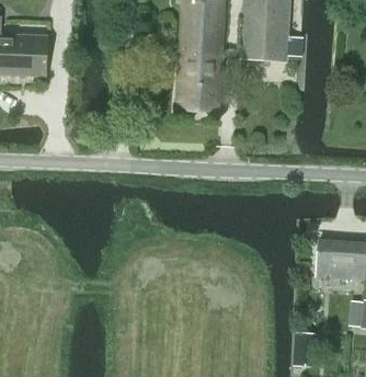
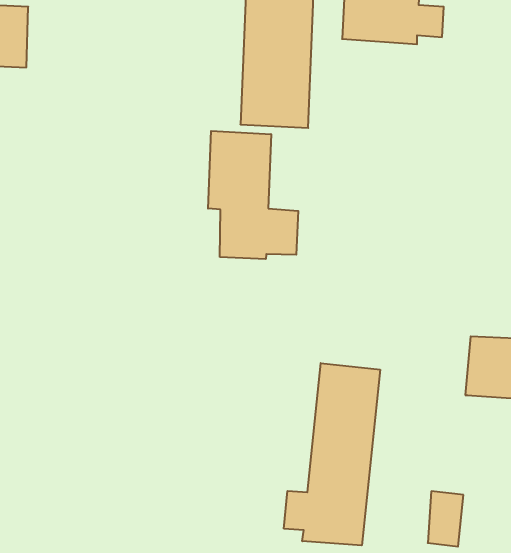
building: none -> [208,131,298,259]
building: none -> [284,363,380,545]

